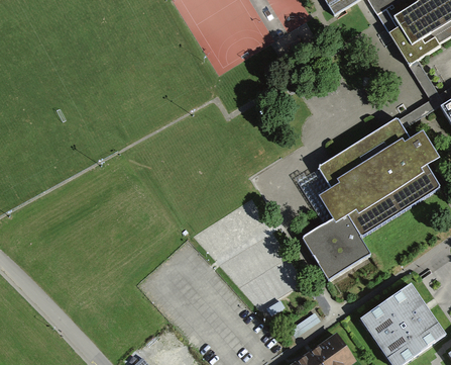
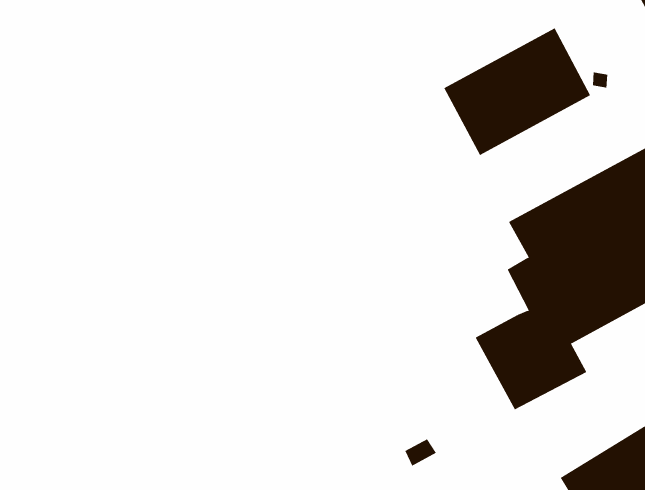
building: none -> [444,28,591,156]

